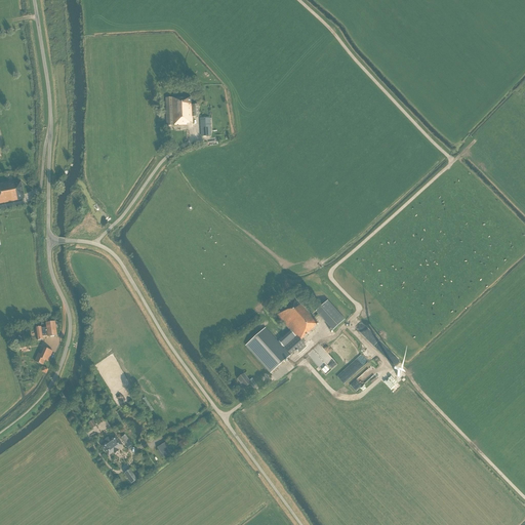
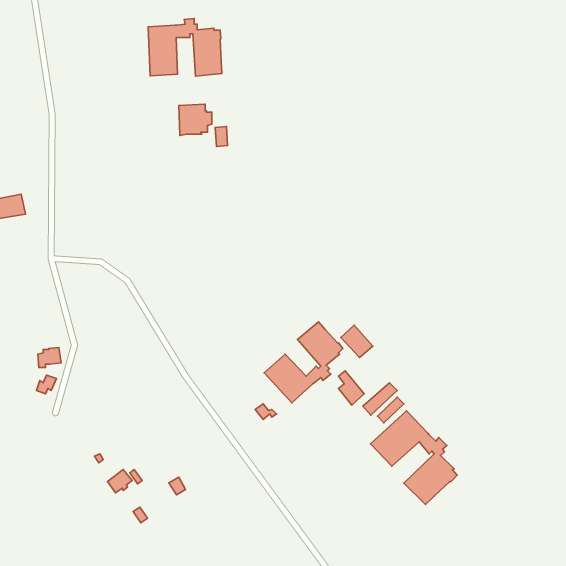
building: none -> [148,19,222,76]
building: none -> [370,411,457,505]

